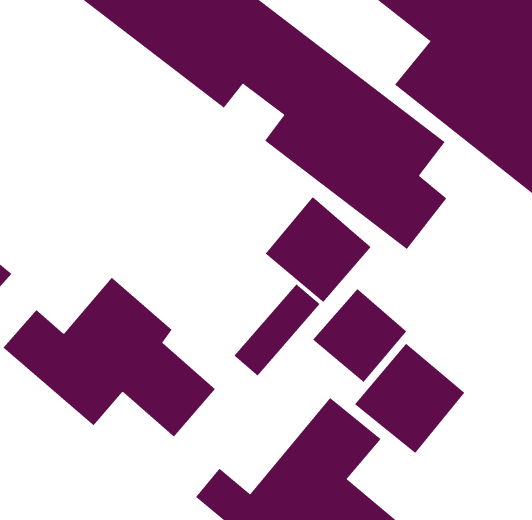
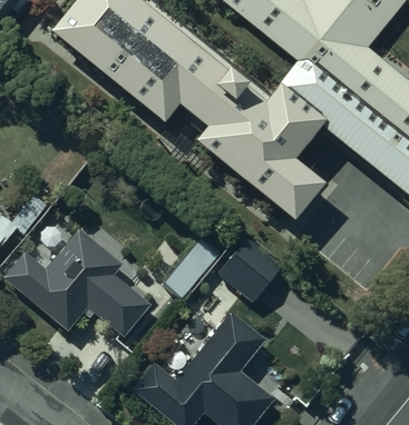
building: [265,196,371,303] -> none
building: [354,343,465,454] -> none

